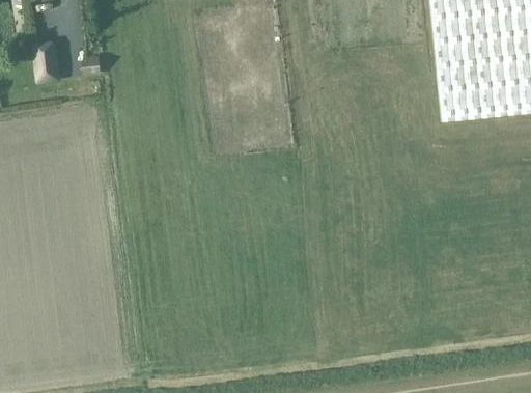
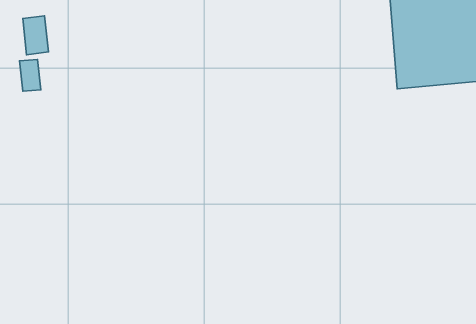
building: none -> [20,60,41,91]

